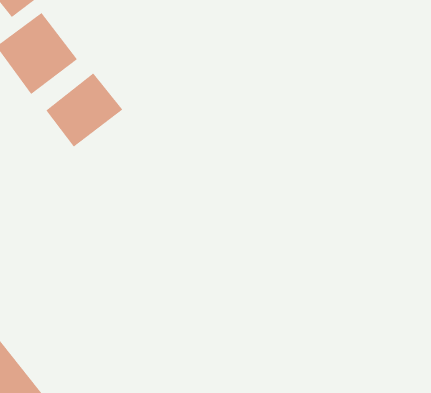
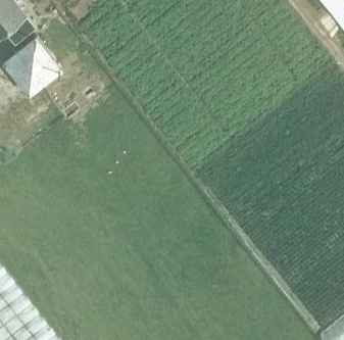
building: [45,72,123,148] -> none

